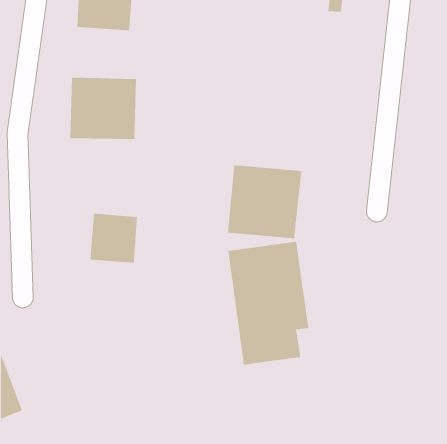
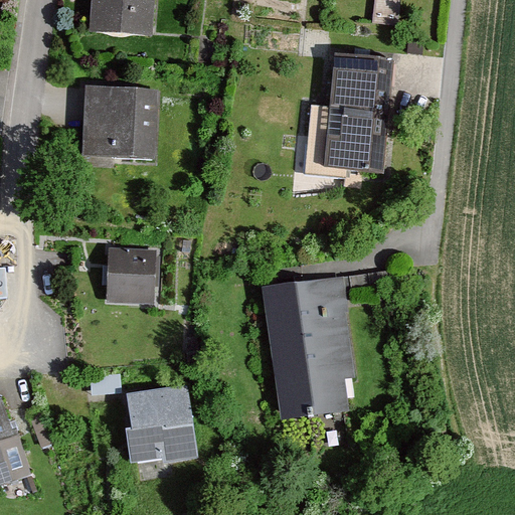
building: none -> [306,55,392,176]
building: [227,164,302,239] -> none
building: none -> [123,386,197,464]

